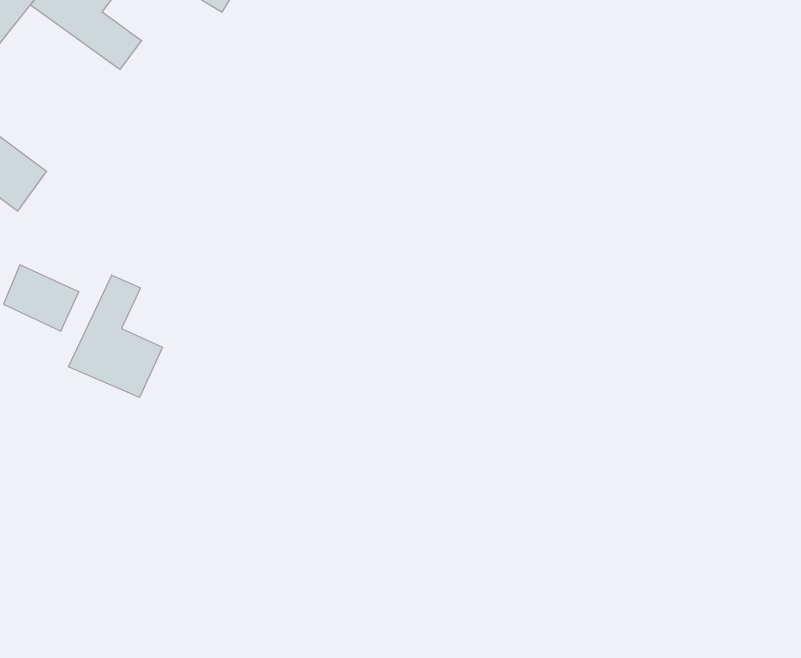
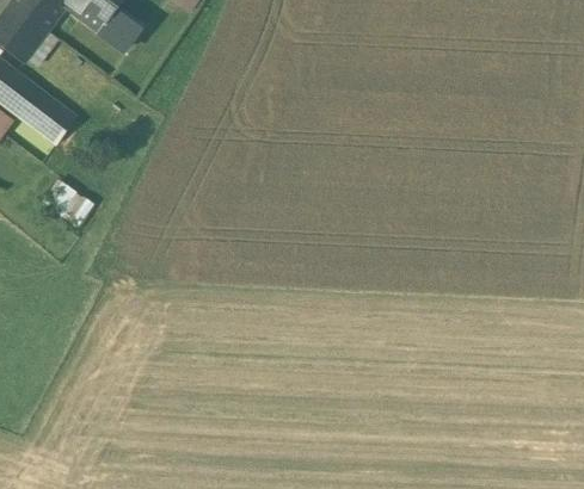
building: [69,275,162,397] -> none

